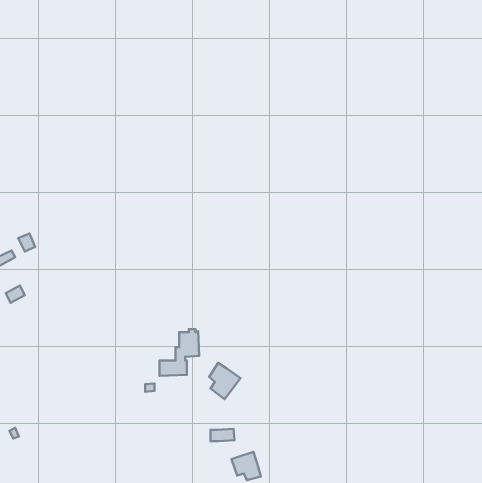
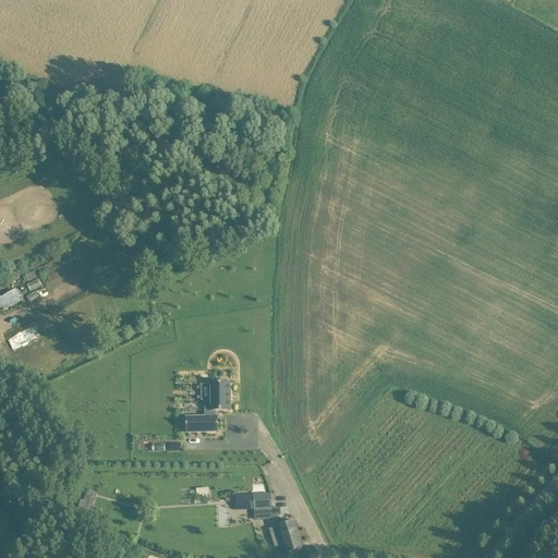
building: [209,363,240,399] -> none

